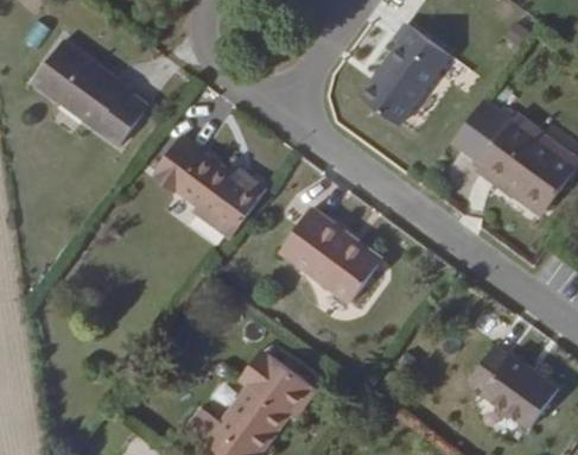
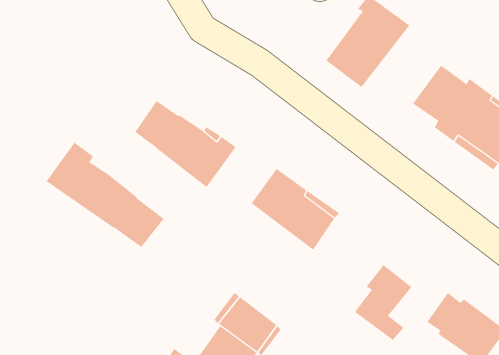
building: [32,40,146,145] -> none
building: none -> [46,142,164,248]
building: none -> [354,264,412,341]

